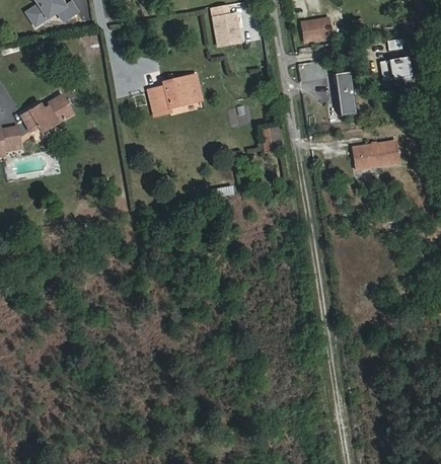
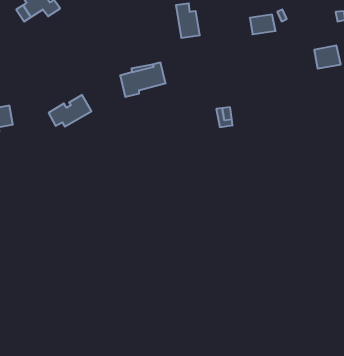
building: [332,72,349,113] -> none
building: [21,94,72,132] -> [49,95,91,127]
building: [352,141,398,169] -> none

